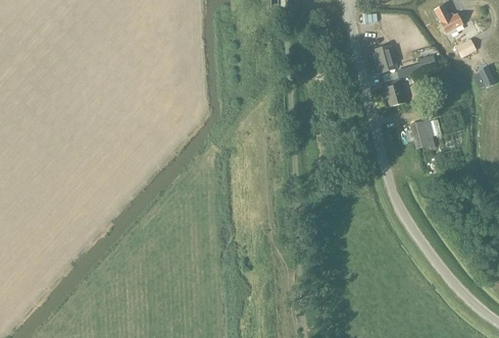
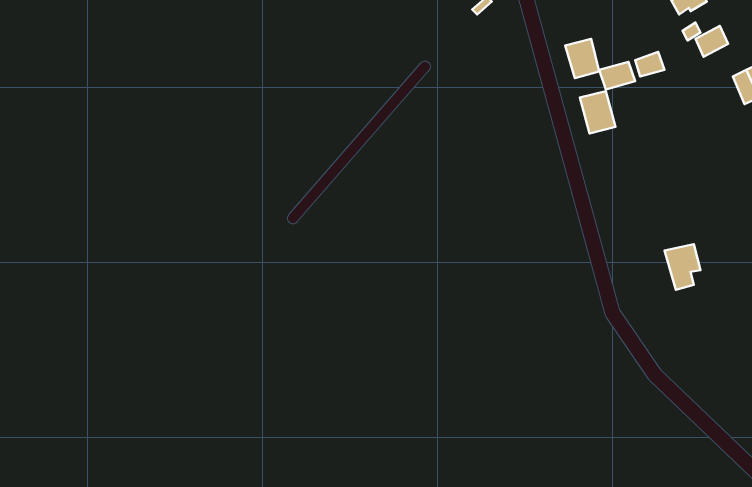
building: [410,120,433,149] -> [665,244,700,290]

